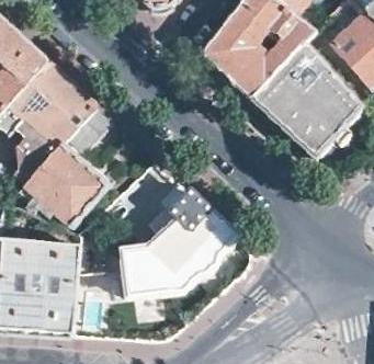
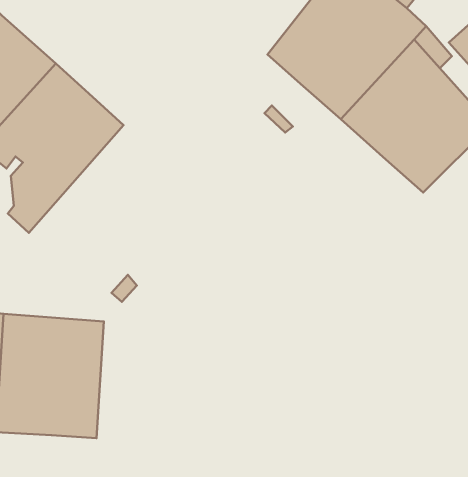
building: [23,104,111,225] -> none
building: [122,192,240,294] -> none

